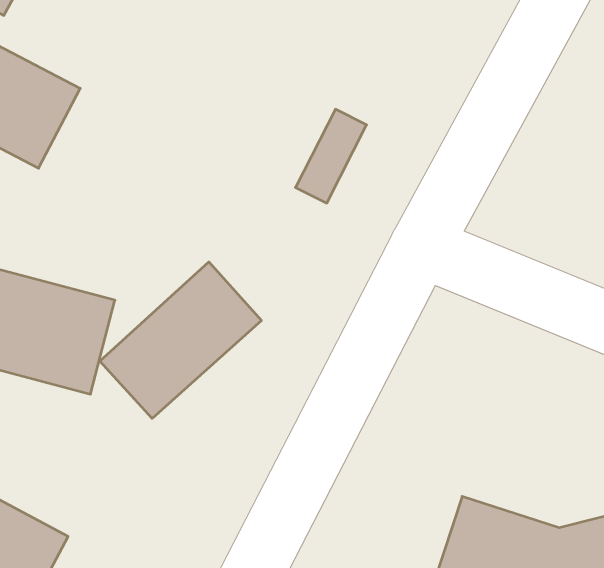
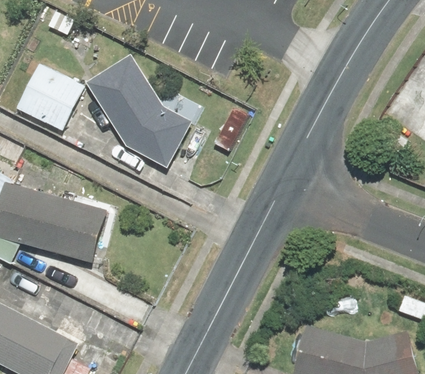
building: none -> [85,54,192,170]
building: [100,262,261,418] -> none

